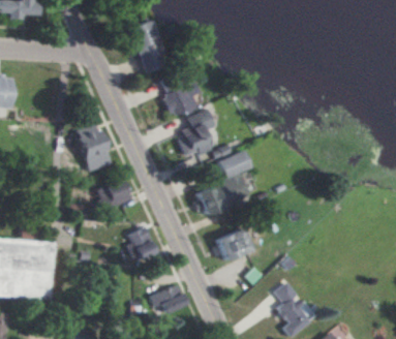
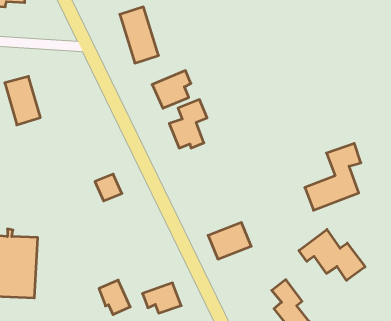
building: [77,124,111,171] -> [5,76,40,125]
building: [196,150,250,214] -> [305,143,361,210]
building: [127,226,157,259] -> [99,280,130,315]
building: none -> [299,229,365,280]

